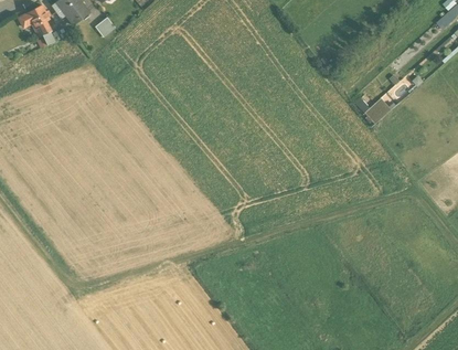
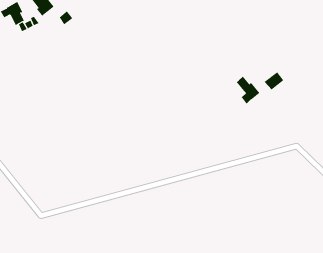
building: none -> [236,76,260,104]

